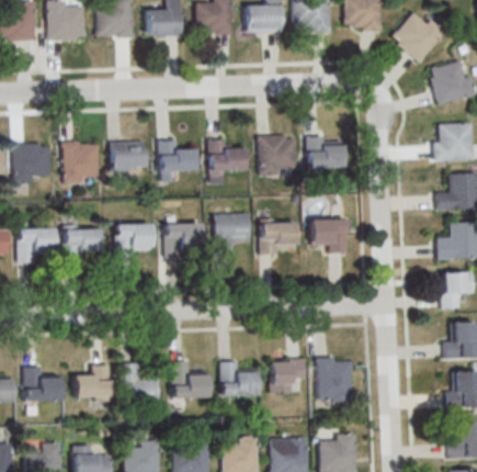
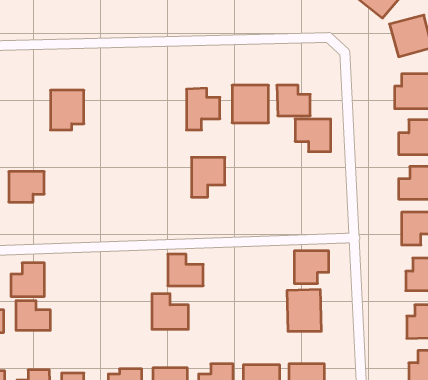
building: [158,139,196,181] -> none
building: [109,141,145,171] -> none
building: [12,142,50,183] -> none
building: [310,218,349,254] -> [295,119,331,152]
building: [260,220,296,254] -> none
building: [164,223,202,255] -> none
building: [114,224,154,258] -> none
building: [64,229,100,259] -> none
building: [270,358,307,393] -> [294,251,329,283]
building: [220,361,259,395] -> [168,254,203,286]
building: [122,363,158,403] -> none
building: [73,364,110,401] -> [11,263,44,296]

